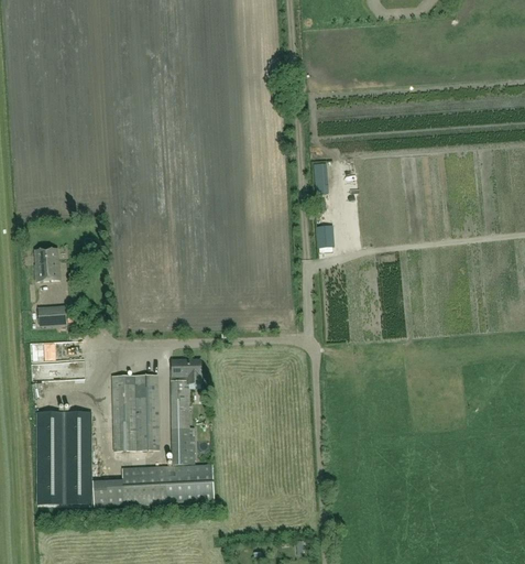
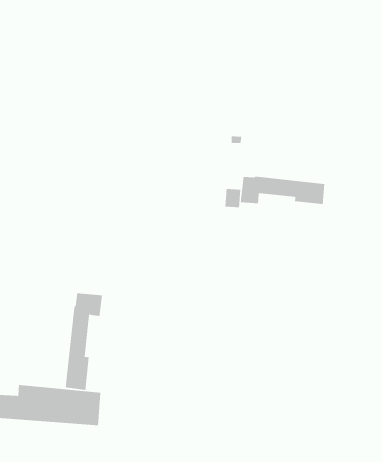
building: none -> [240,176,325,205]
building: [111,375,158,451] -> none

